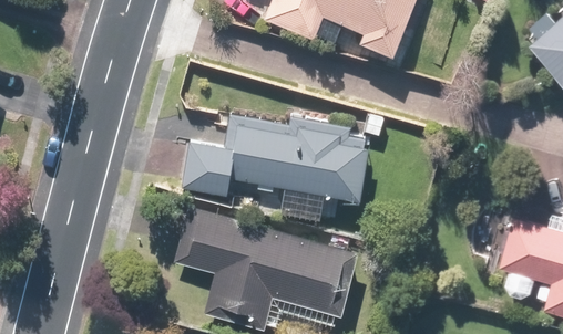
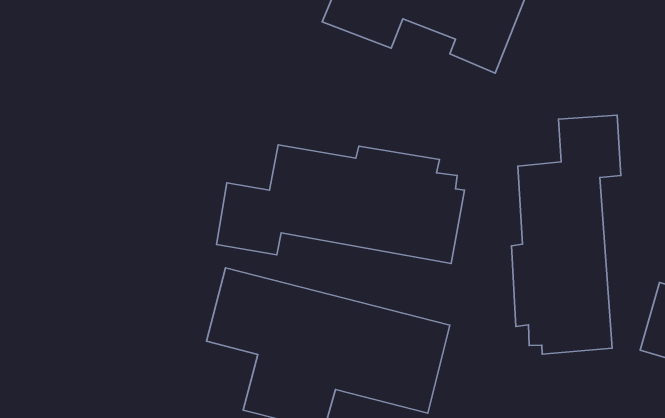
building: none -> [511,115,621,354]

